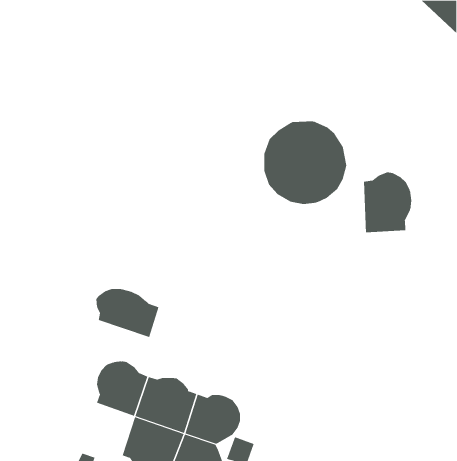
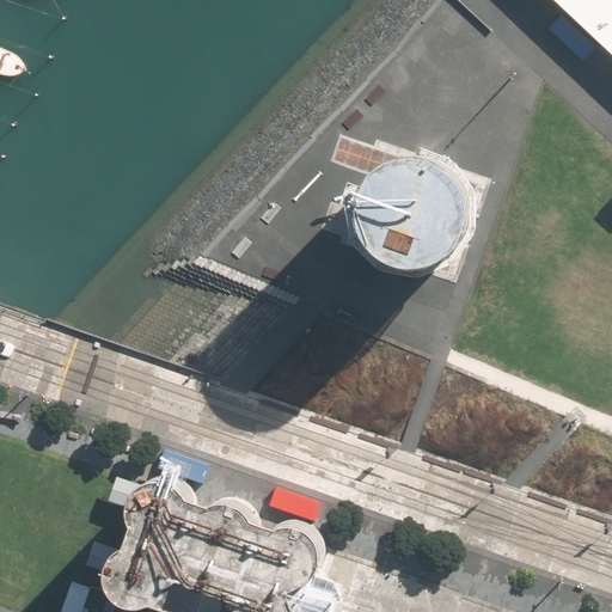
building: [363,172,412,233] -> none
building: [96,288,159,338] -> none
building: none -> [103,534,177,605]

